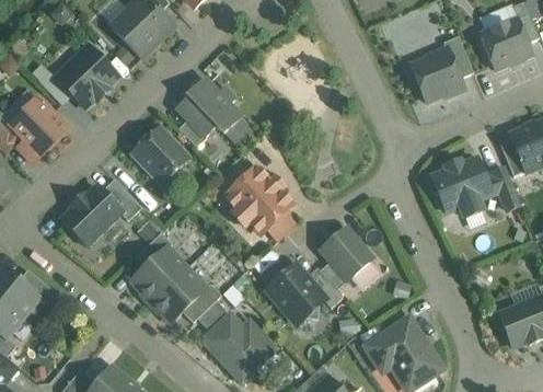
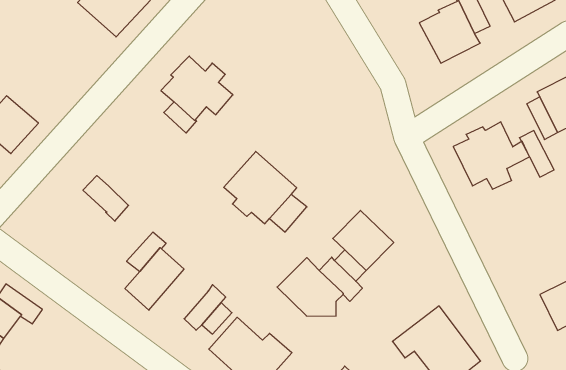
building: [57,47,116,105] -> none
building: [132,127,188,183] -> none
building: [62,185,122,244] -> none
building: [152,267,206,322] -> none

